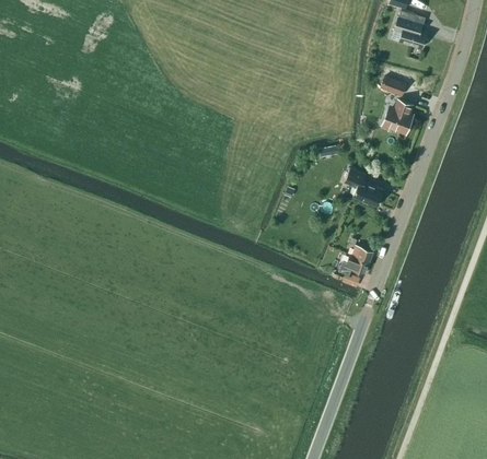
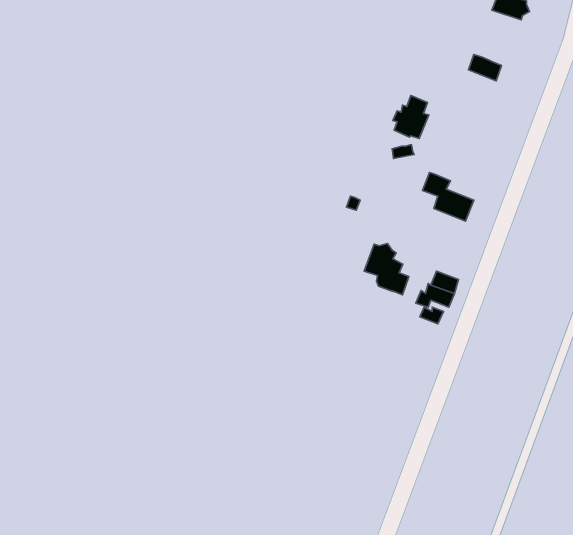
building: [384,98,413,132] -> [393,95,429,139]
building: none -> [364,244,409,295]

